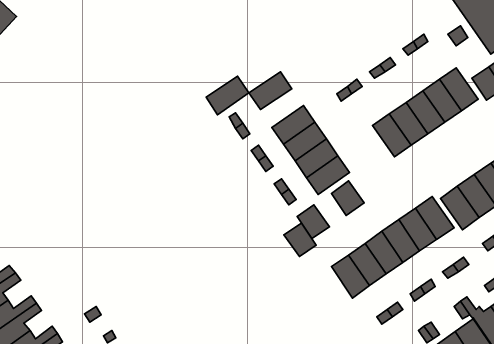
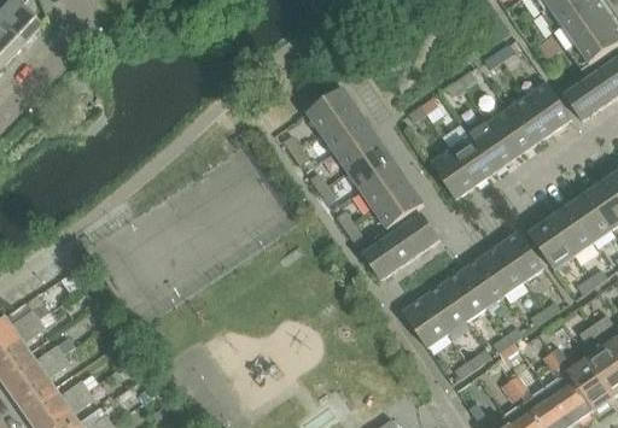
building: [206,76,249,115] -> [321,107,371,152]
building: none -> [431,149,476,199]
building: [284,223,316,257] -> [383,228,420,266]

